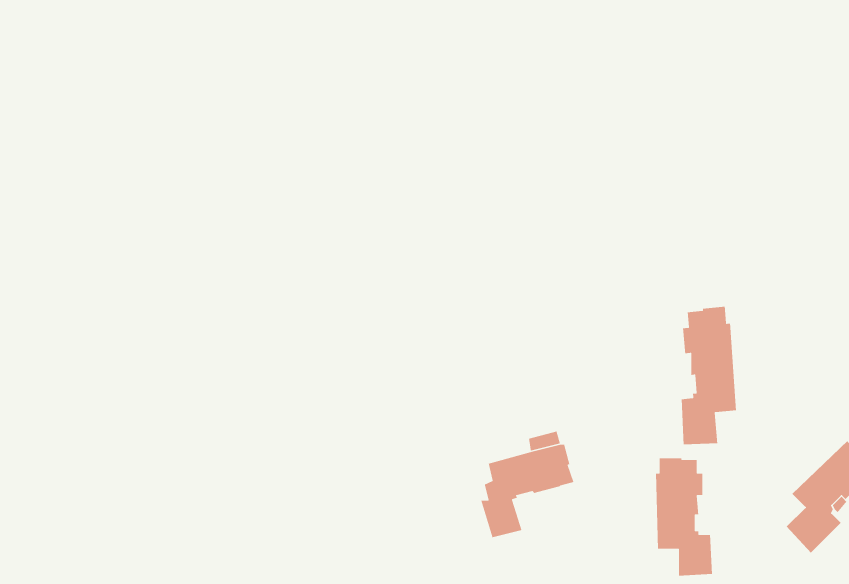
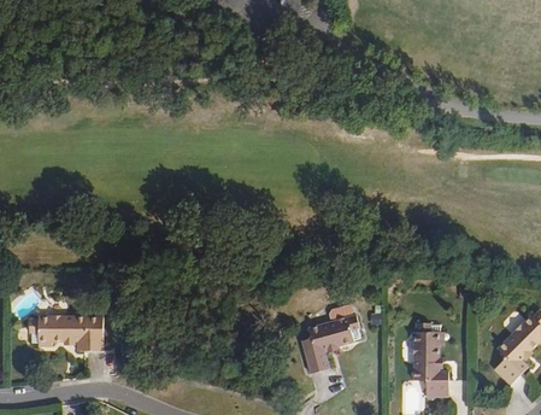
building: [681,306,737,445] -> none
building: none -> [28,315,98,351]

